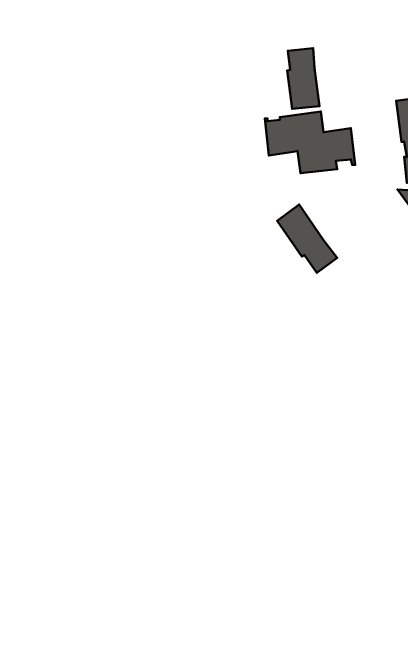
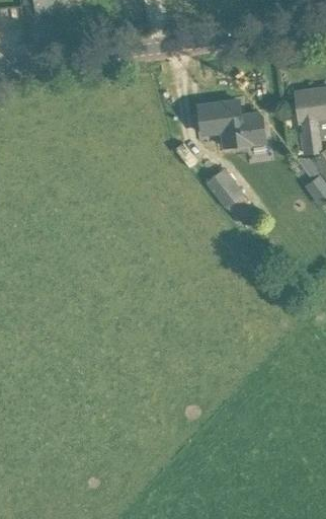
building: [287,48,319,109] -> none

